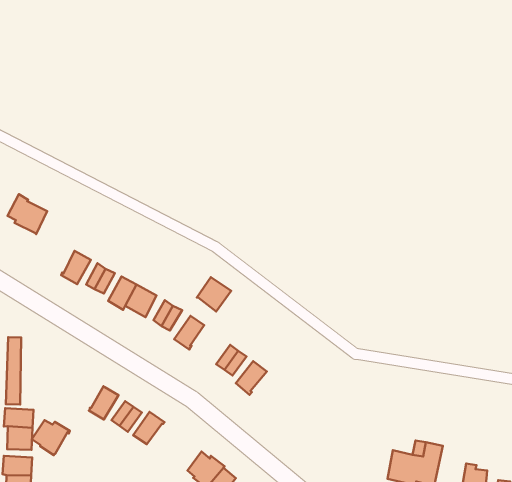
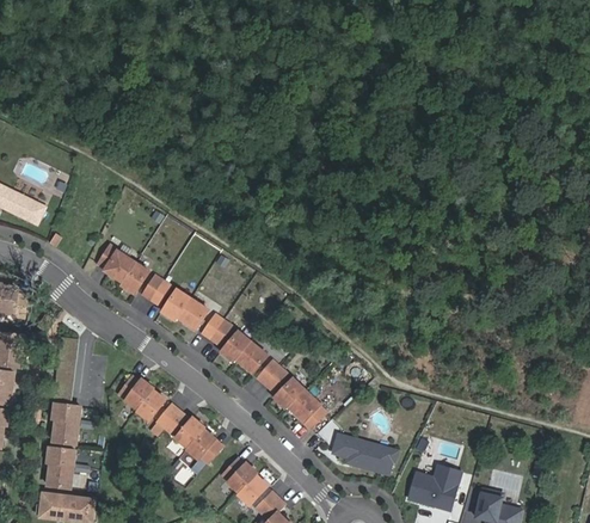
building: [8,194,47,234] -> [97,244,134,282]
building: [197,277,231,311] -> [234,340,266,373]
building: none -> [287,388,325,426]
building: none -> [331,435,395,479]
building: [32,420,70,455] -> [117,376,153,410]
building: none -> [185,429,221,461]

